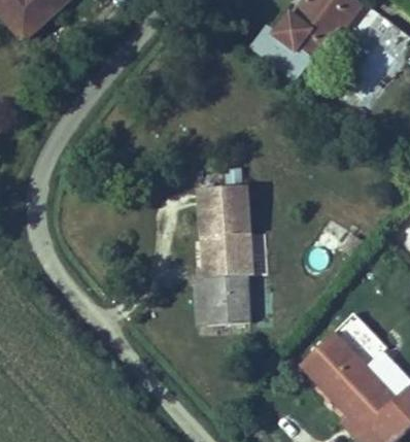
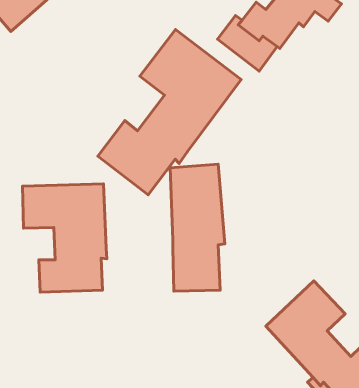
building: none -> [98,30,241,195]
building: none -> [22,184,107,292]

